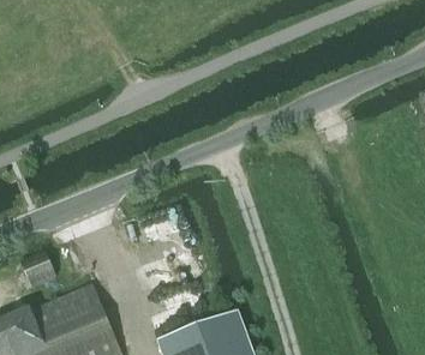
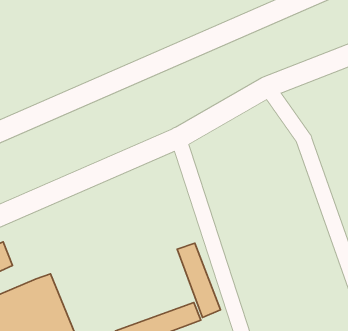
building: none -> [177,243,221,317]

